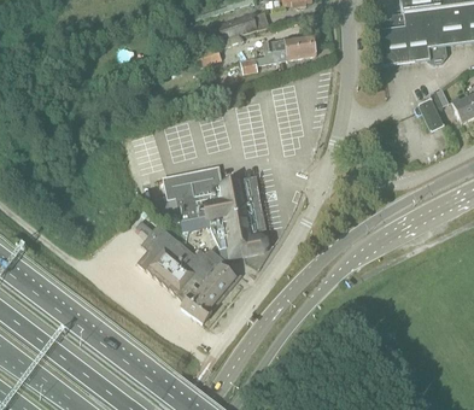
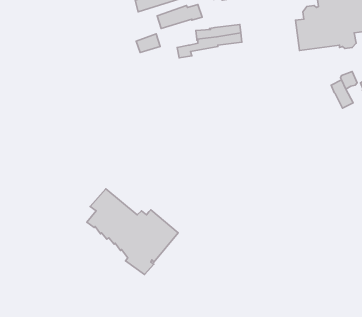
building: [164,166,269,256] -> none

